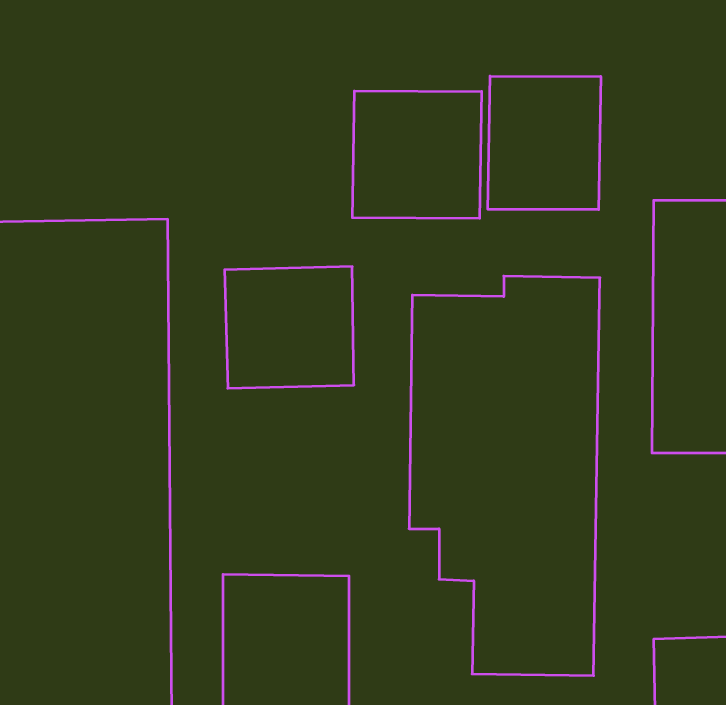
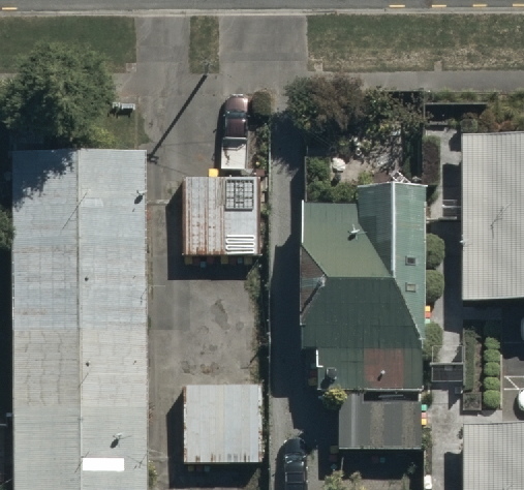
building: [488,76,601,210] -> none
building: [352,91,482,218] -> none

